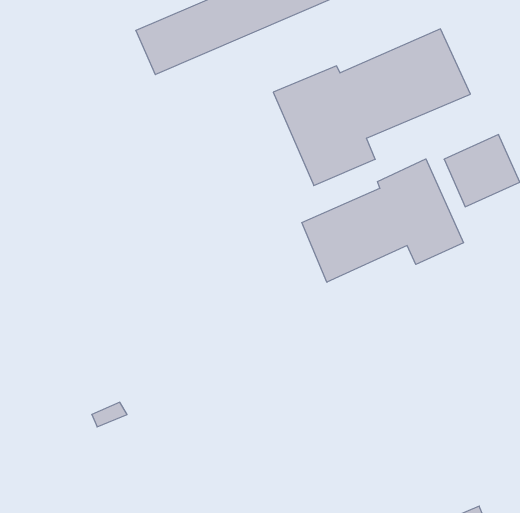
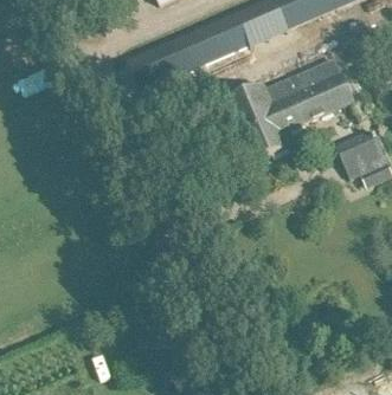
building: [302,159,463,282] -> none

